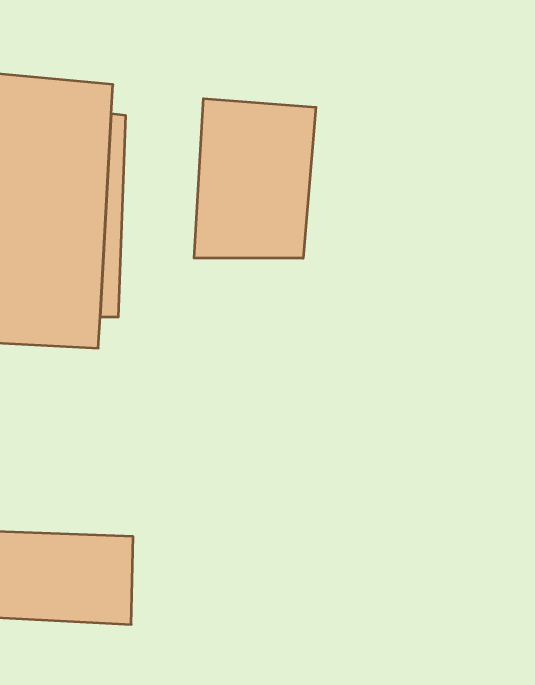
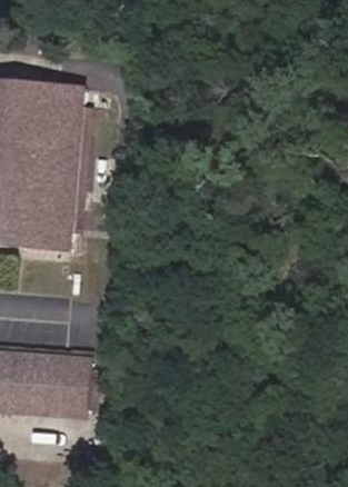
building: [194,99,316,258] -> none

